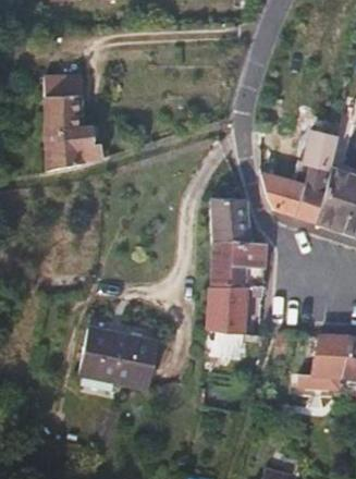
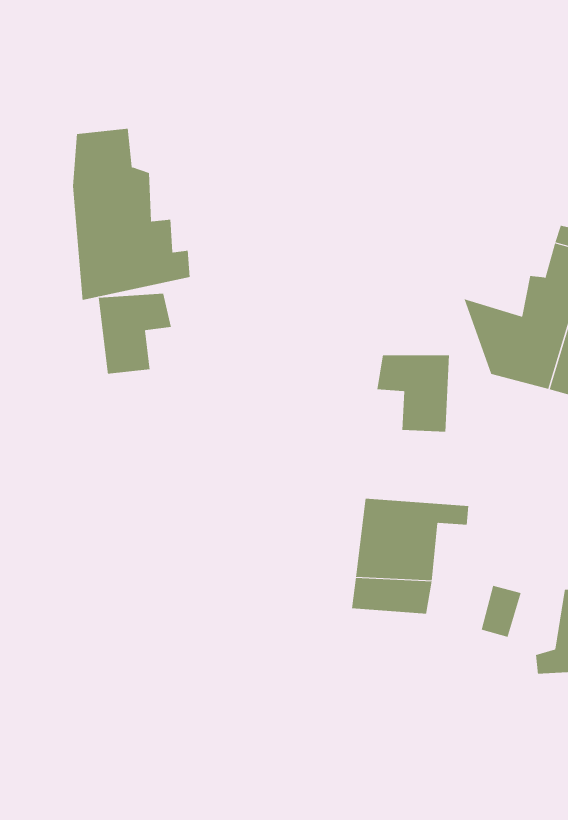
building: none -> [98,293,172,374]
building: [206,223,268,287] -> none
building: [76,326,158,385] -> none

